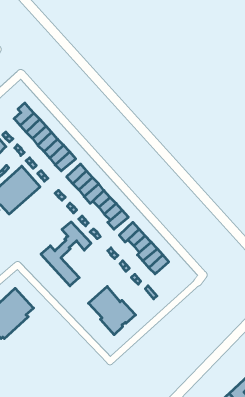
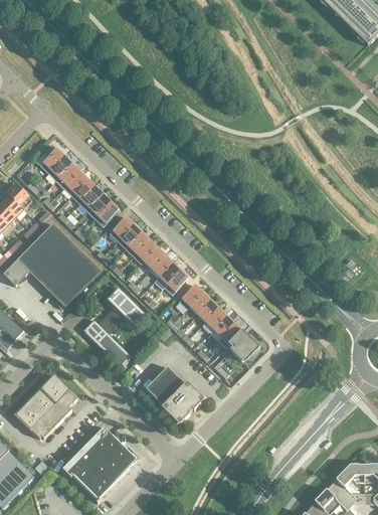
building: none -> [41,246,101,307]
building: none -> [228,330,257,360]
building: none -> [62,425,137,498]

